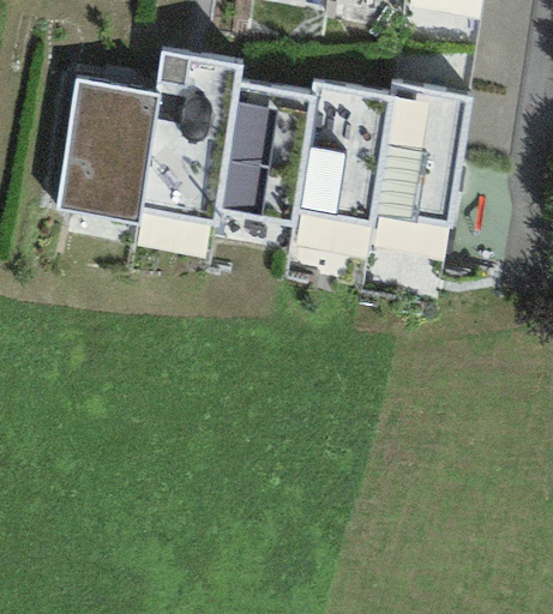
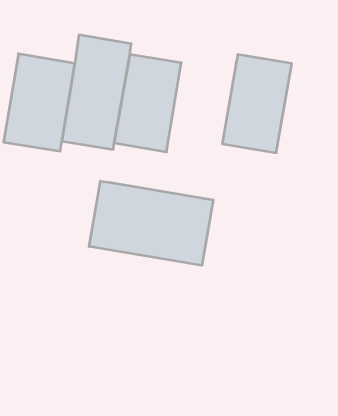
building: [294,82,395,229] -> none
building: none -> [89,181,213,265]

